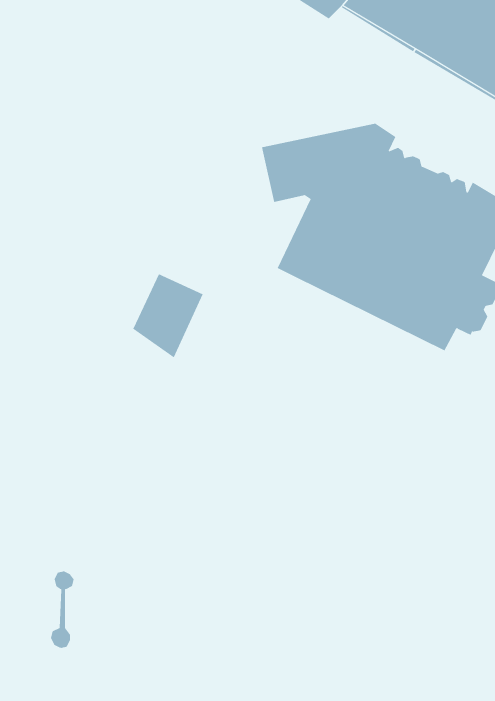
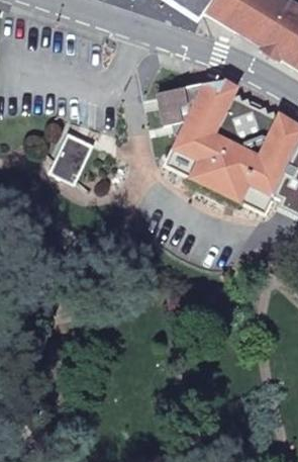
building: [133,273,204,358] -> [52,132,93,182]

